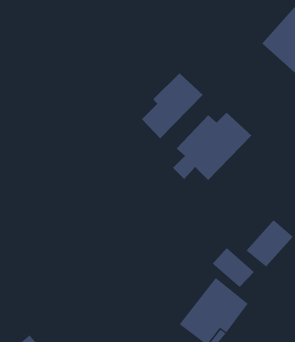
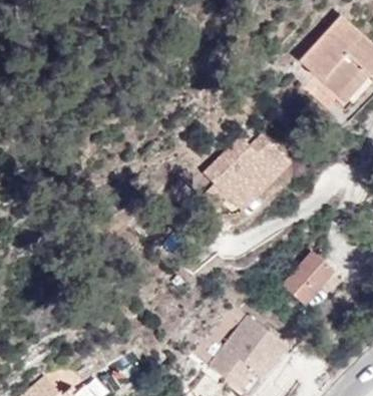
building: [141,72,203,139] -> none
building: [212,247,255,288] -> none

